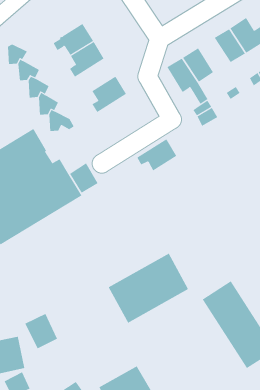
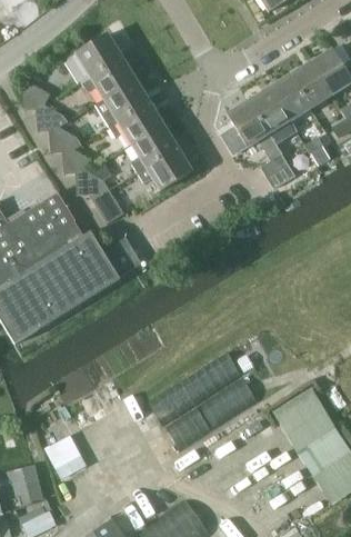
building: none -> [67,34,120,81]
building: none -> [269,76,310,120]
building: none -> [109,102,162,145]
building: none -> [89,189,123,225]
building: [137,139,177,171] -> [138,148,190,190]

